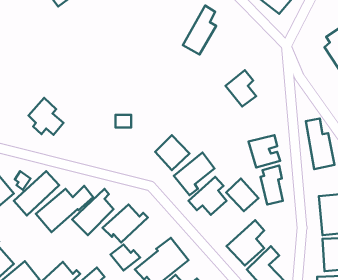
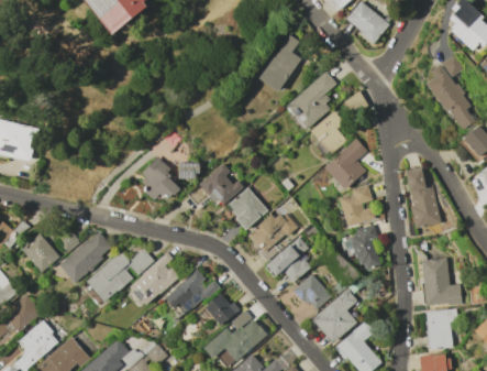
building: none -> [287,70,337,130]
building: none -> [324,138,368,190]
building: [28,98,64,135] -> [140,157,181,201]
building: none -> [188,163,244,206]
building: [226,179,259,211] -> [294,273,332,312]
building: [111,244,140,270] -> [206,294,241,325]

